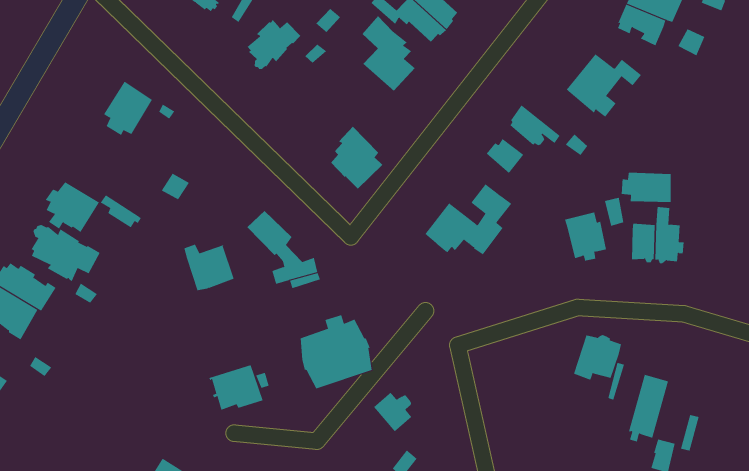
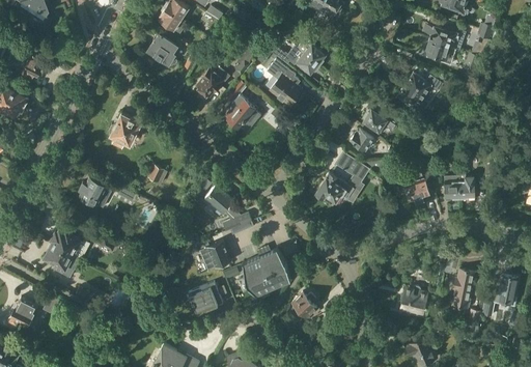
building: [330,126,383,190] -> [227,94,260,134]
building: [621,172,671,203] -> none
building: [31,224,100,282] -> none
building: [183,244,235,291] -> [197,241,230,271]
building: [573,334,622,380] -> [398,287,427,316]
building: none -> [497,277,518,306]

